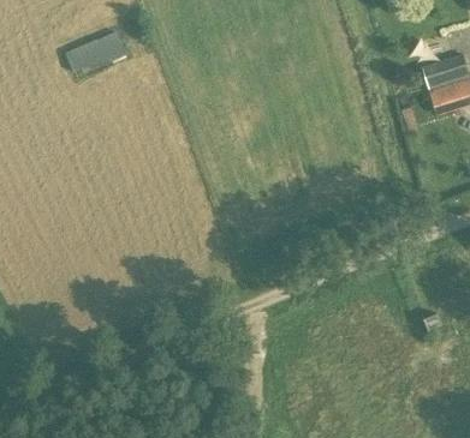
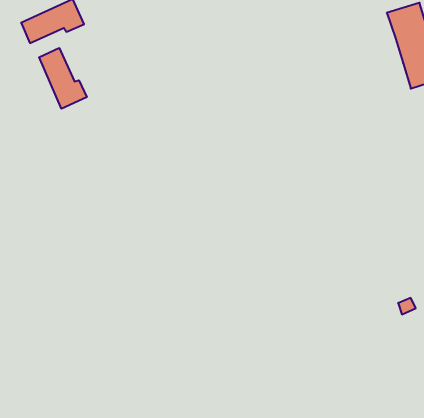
building: none -> [39,48,87,109]

